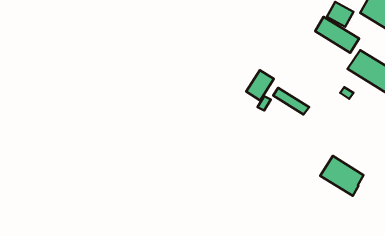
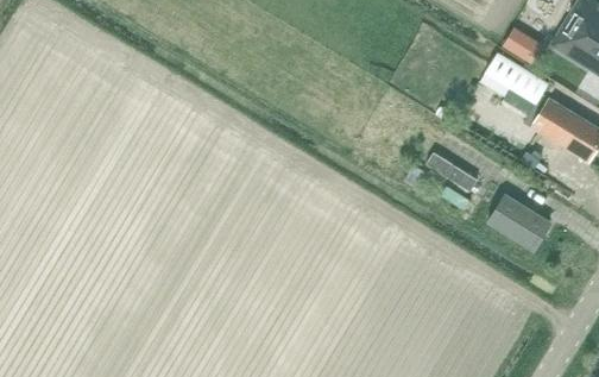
building: [246,70,274,100] -> none
building: [320,156,364,196] -> [487,194,549,251]

